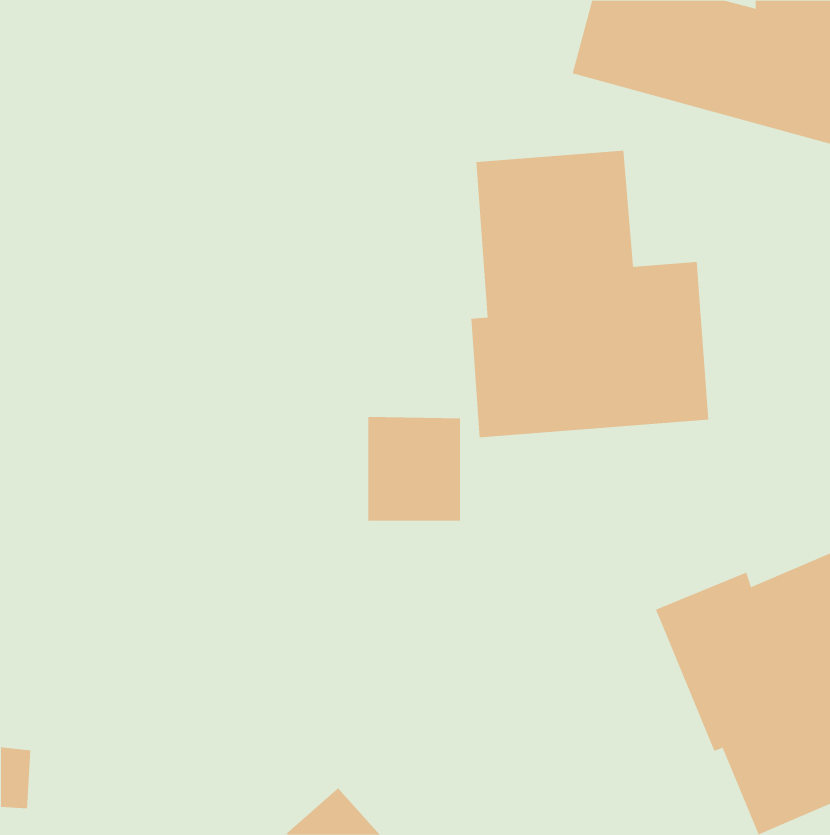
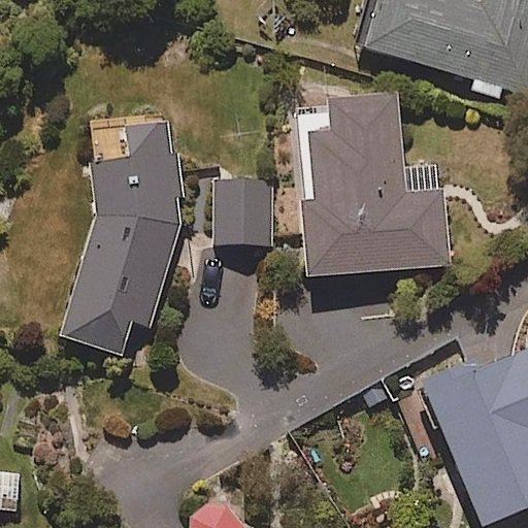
building: none -> [60,122,183,353]
building: [368,416,461,521] -> [214,178,273,244]

